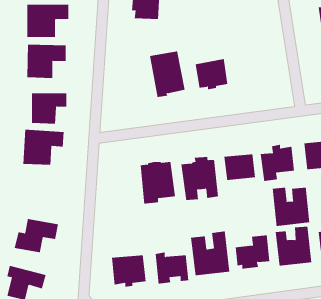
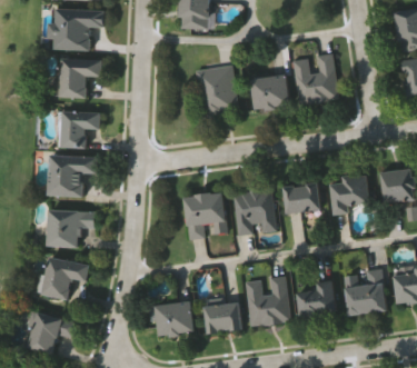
building: none -> [290,53,335,106]
building: none -> [48,211,93,246]
building: [272,187,310,227] -> none

